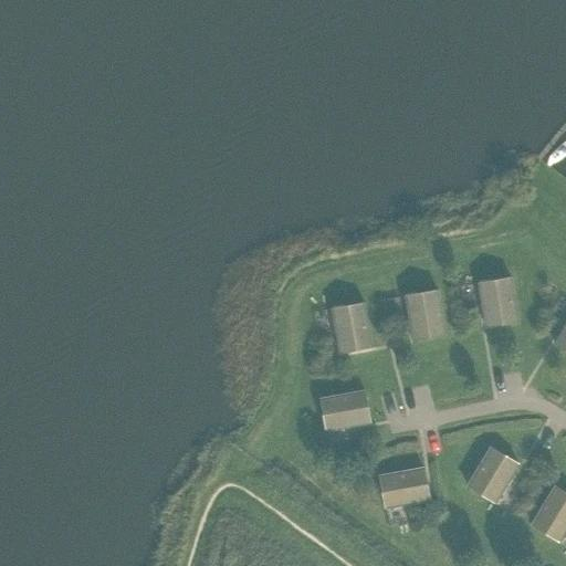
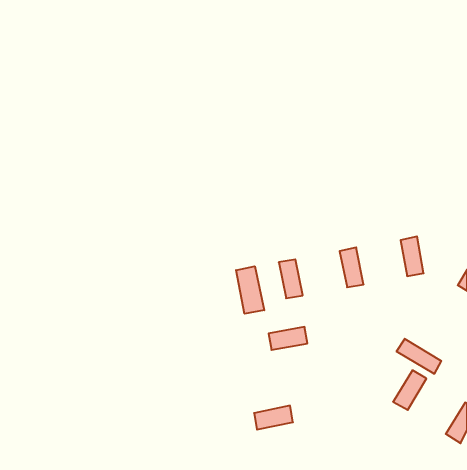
building: none -> [236,266,264,314]
building: none -> [397,339,441,374]
building: [384,470,430,499] -> [254,406,293,430]

